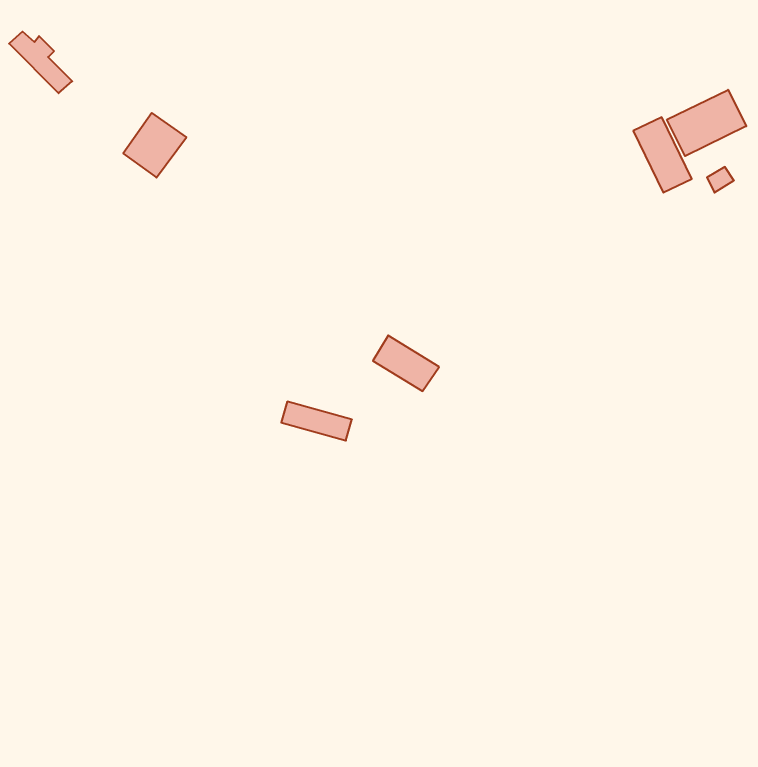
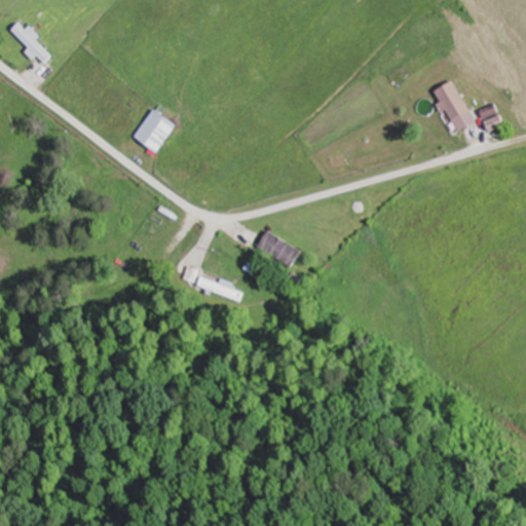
building: [667,90,746,156] -> none
building: [123,113,186,178] -> [133,107,176,151]

